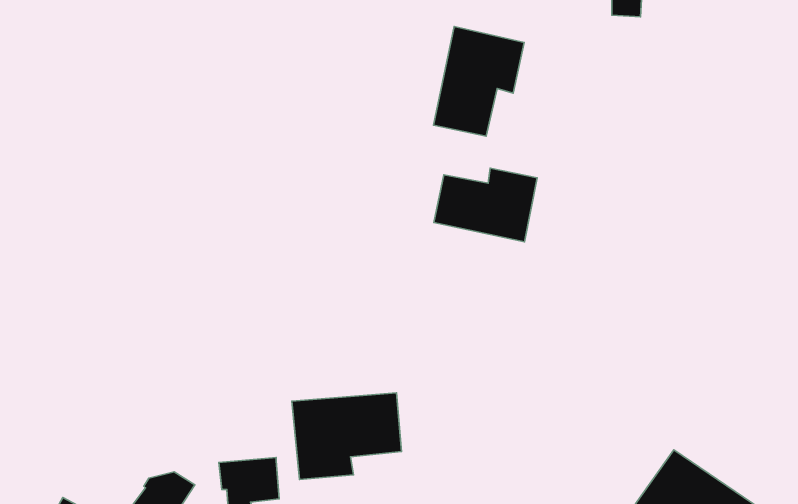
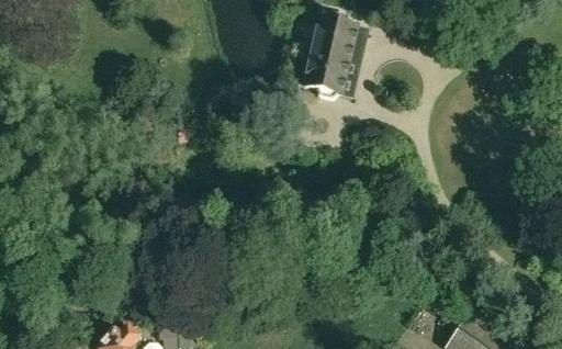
building: [434,168,537,242] -> none
building: [292,393,401,480] -> none

